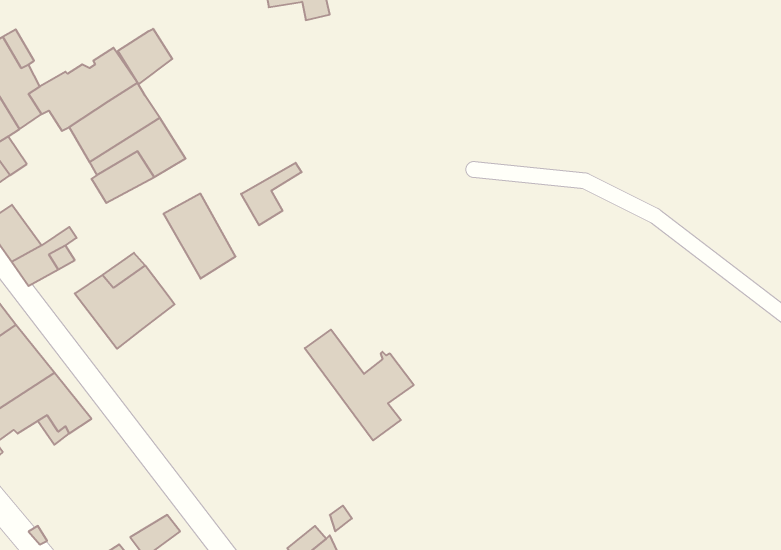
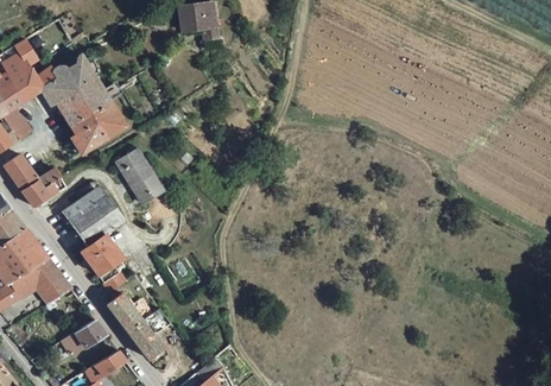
building: [118,29,172,84] -> none
building: [241,163,302,225] -> none
building: none -> [80,233,124,289]
building: [305,330,414,440] -> [106,291,176,362]
building: none -> [64,322,106,353]

